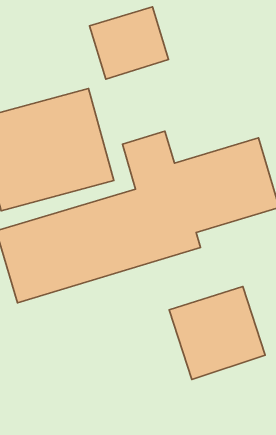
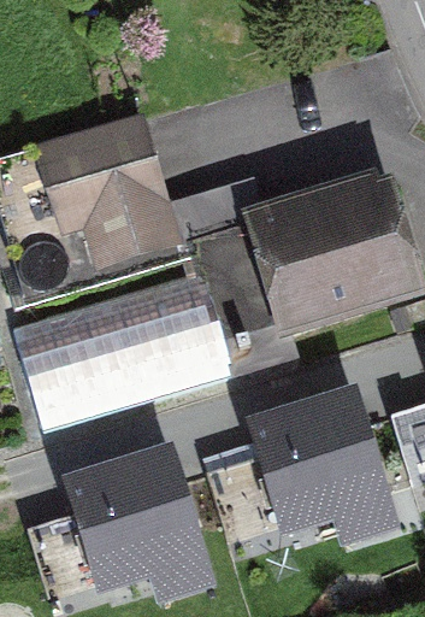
building: [90,7,168,79] -> none
building: none -> [76,454,202,576]

